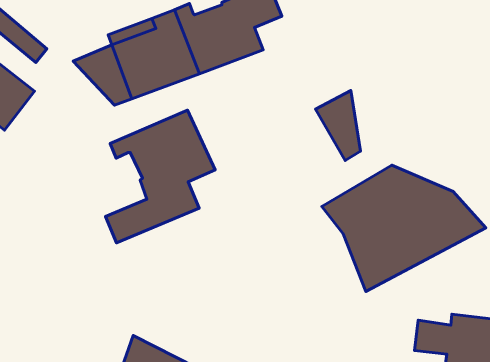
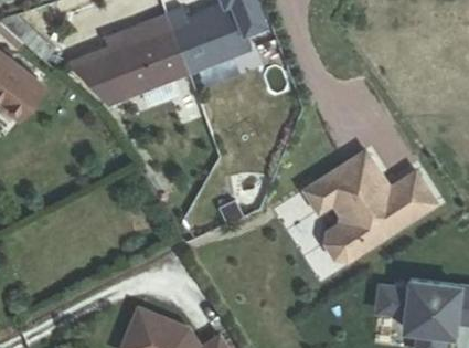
building: [316,90,360,160] -> none
building: [105,110,215,243] -> none

